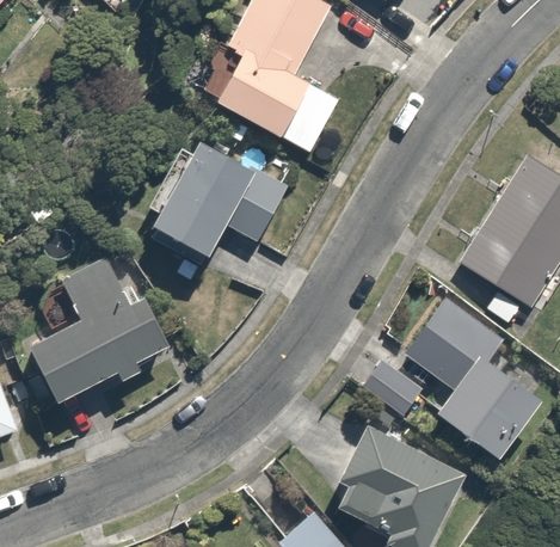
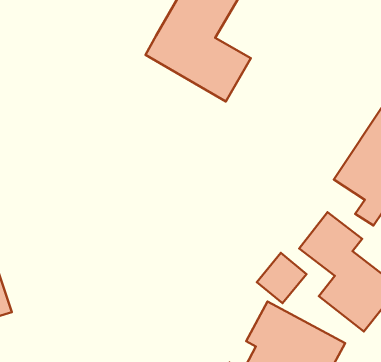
building: [147,134,269,260] -> none
building: [26,254,171,404] -> none

